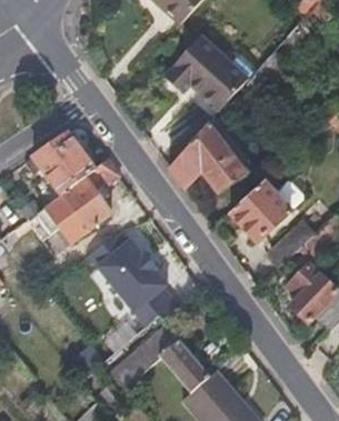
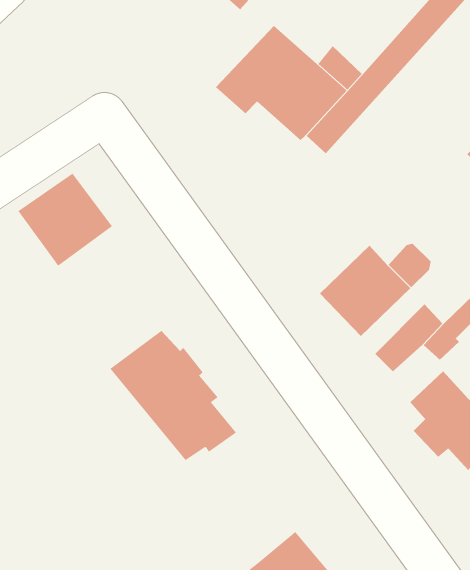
building: [166,126,240,190] -> none
building: [31,159,117,242] -> none
building: [106,321,209,391] -> none

